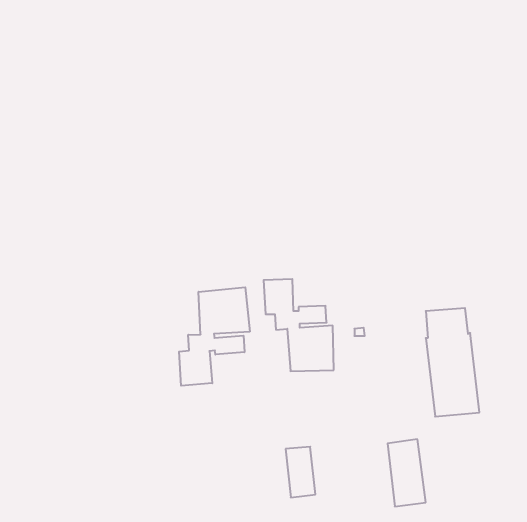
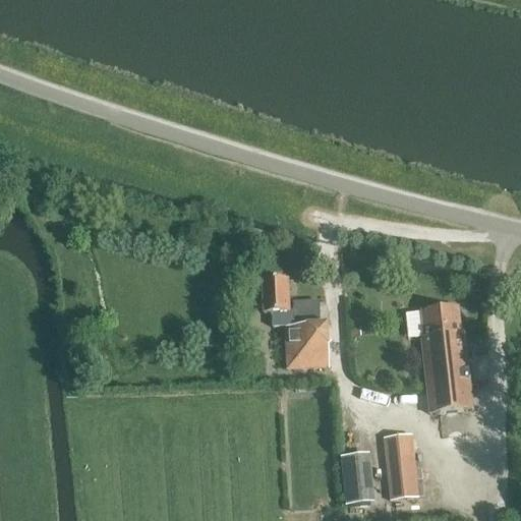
building: [179,287,250,386] -> none
building: [286,447,315,497] -> [341,451,370,501]

